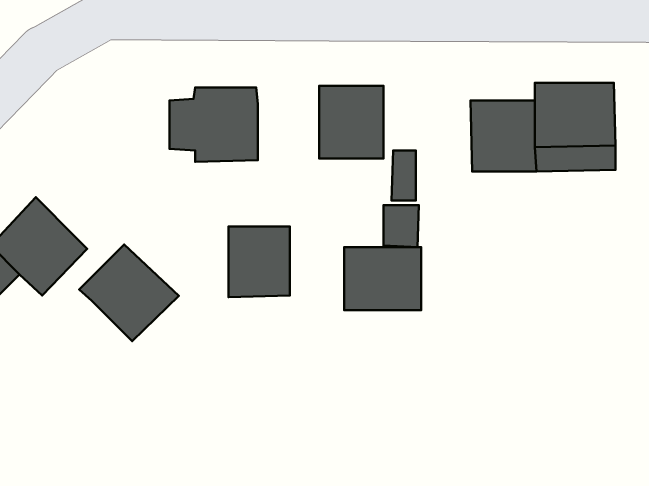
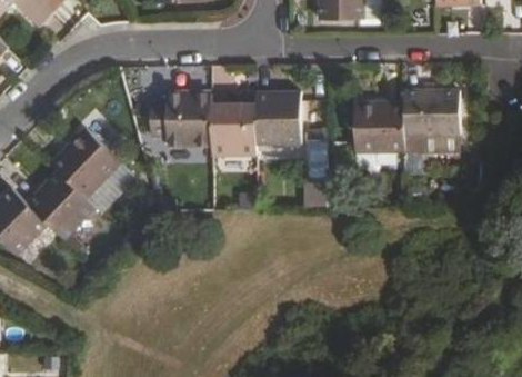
building: [228,226,290,297] -> [212,106,254,155]
building: [79,244,179,341] -> [50,131,119,198]
building: [344,247,421,310] -> none

